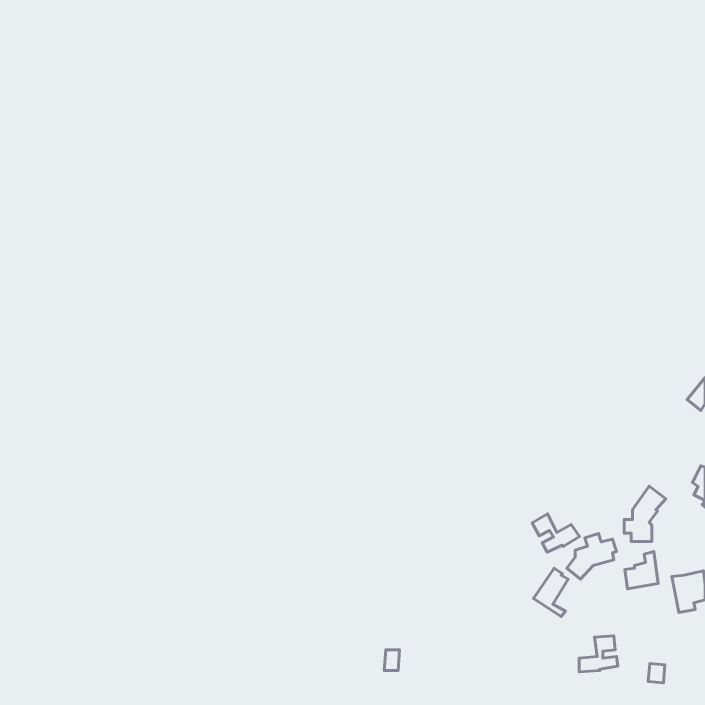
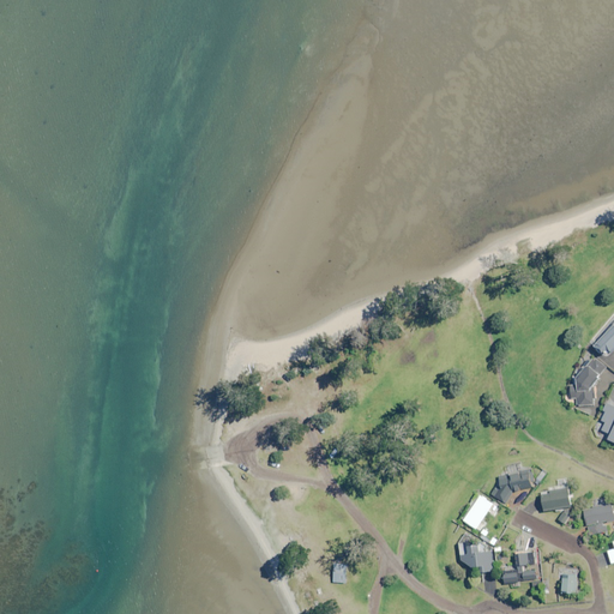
building: [624,486,666,542] -> [571,356,607,404]
building: [532,514,580,552] -> none
building: none -> [460,542,494,572]

